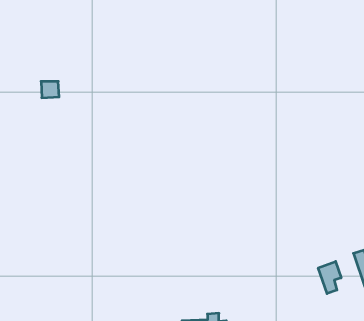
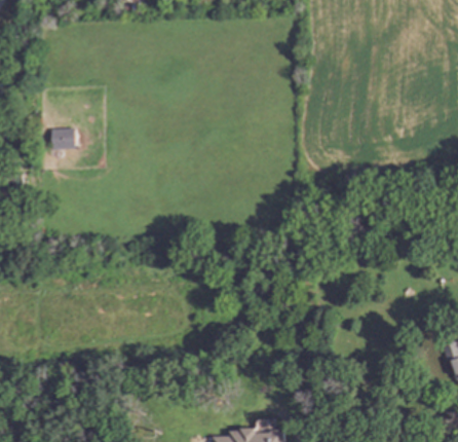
building: [318,261,341,294] -> none

